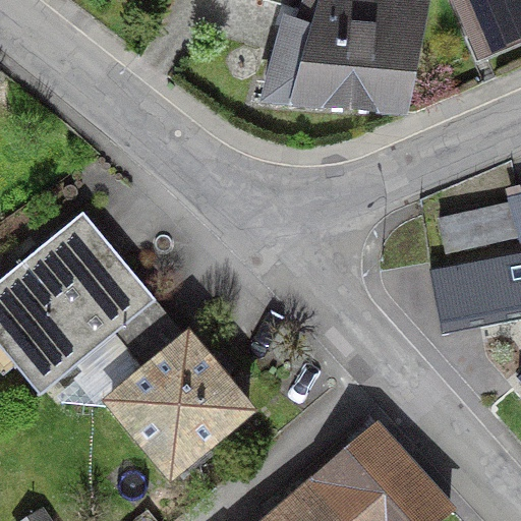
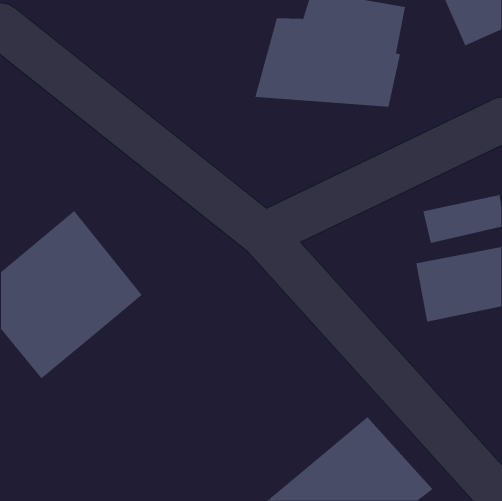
building: [109,305,246,476] -> none

